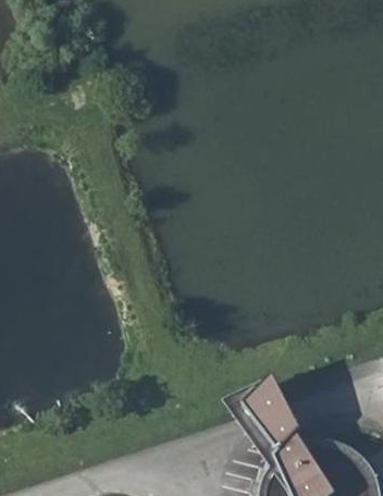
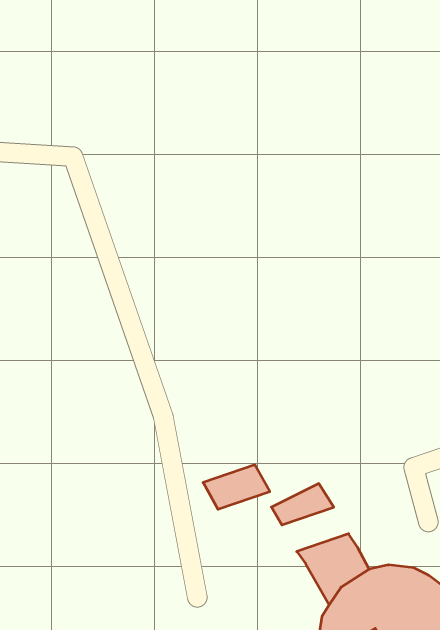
building: [245,399,294,432] -> [203,465,270,509]

